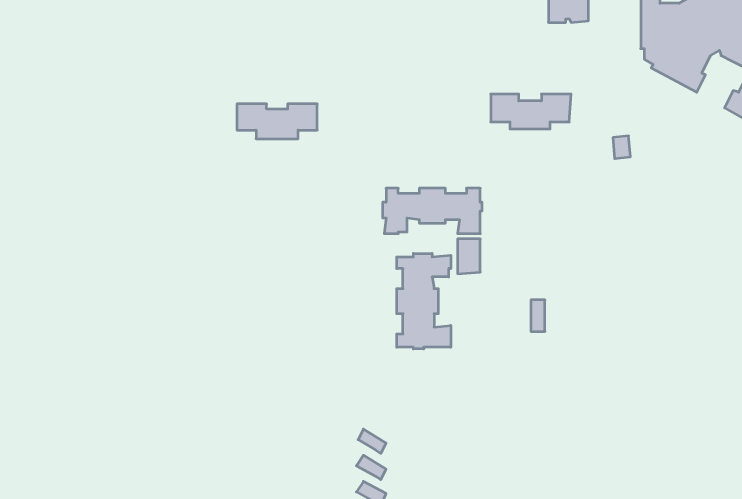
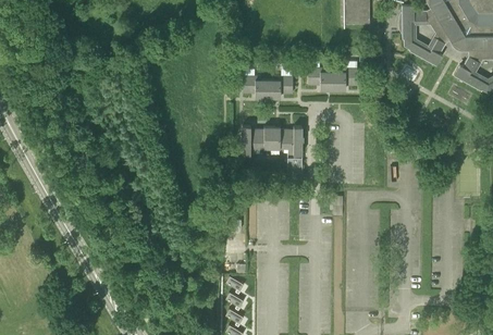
building: [237,104,317,139] -> [244,76,294,98]
building: [397,253,451,349] -> none

